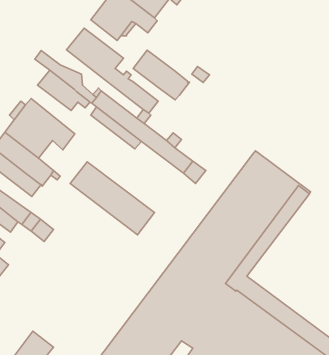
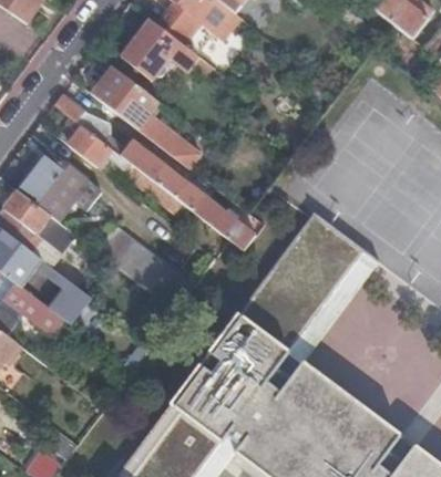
building: [133,50,189,100] -> none

